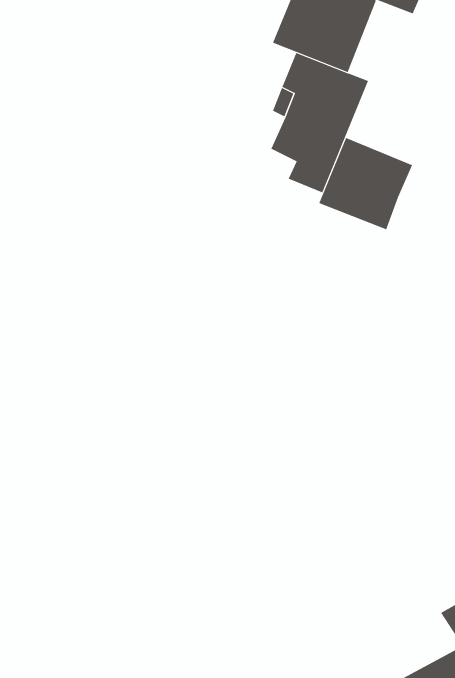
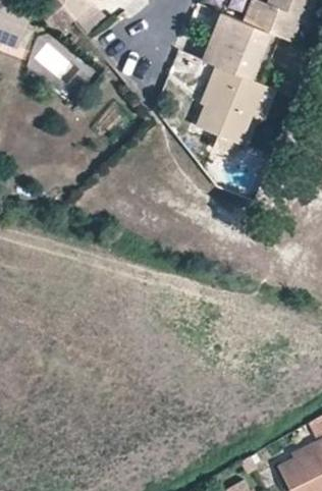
building: [319,137,413,230] -> none

